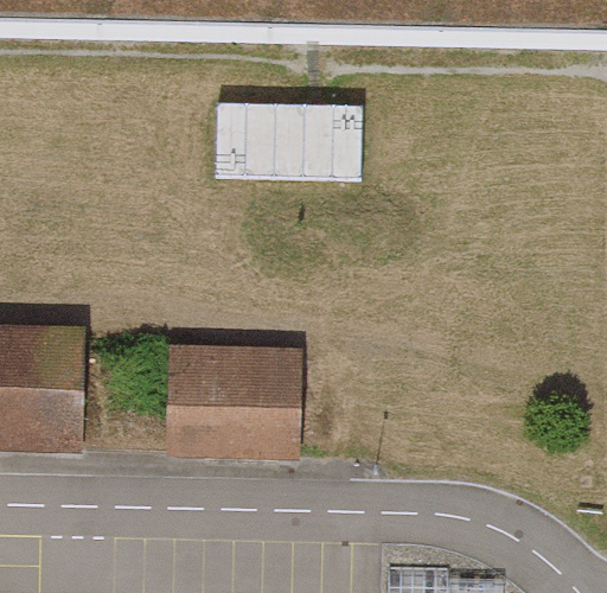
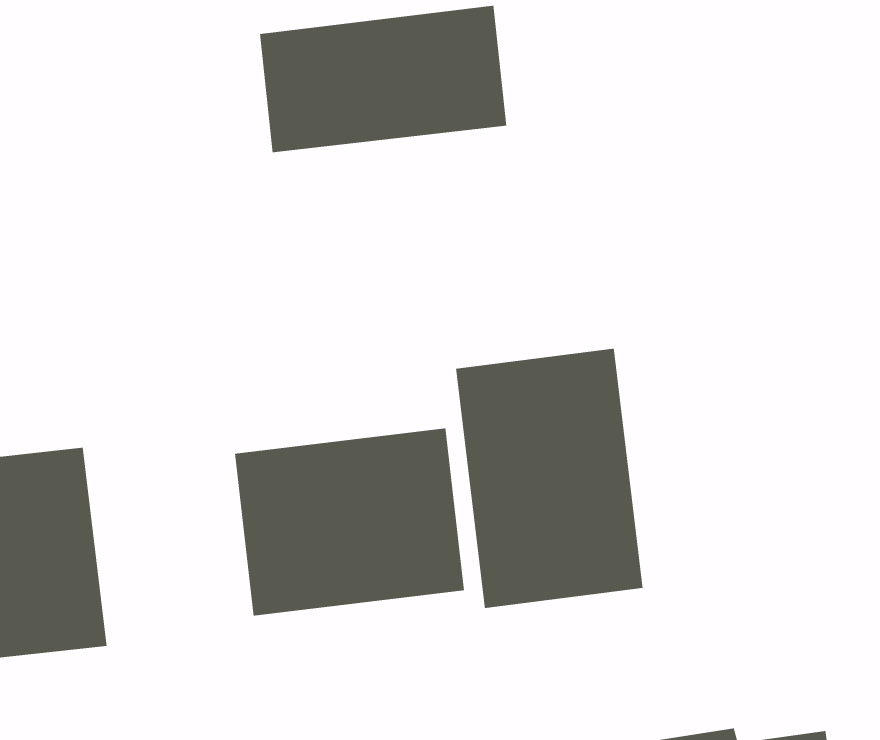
building: none -> [455,348,643,609]

